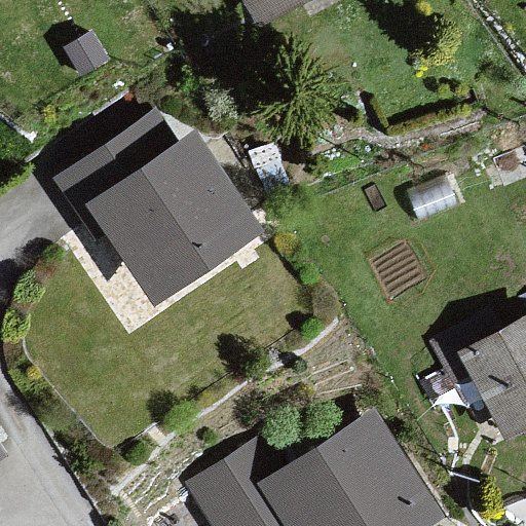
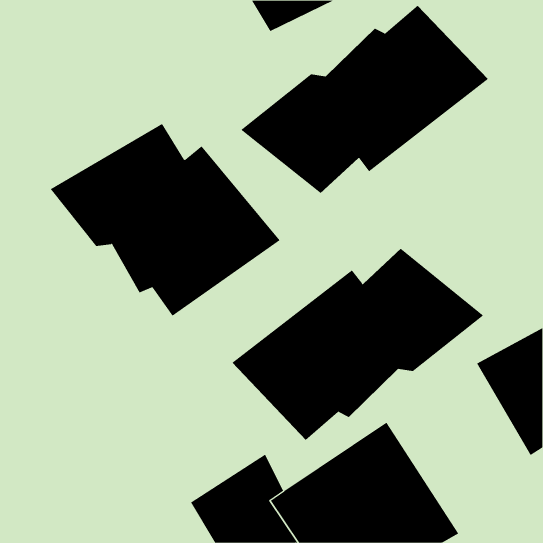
building: none -> [240,5,489,194]
building: none -> [231,248,484,441]

